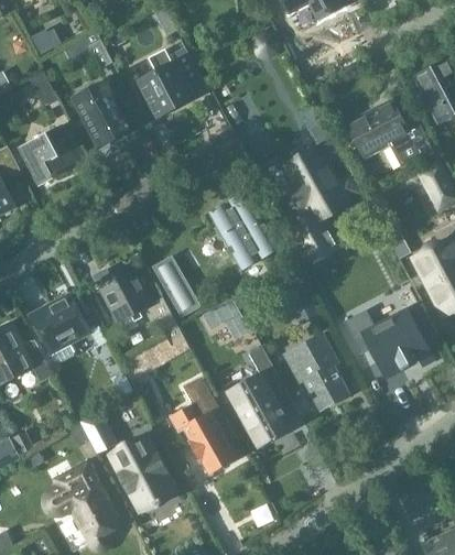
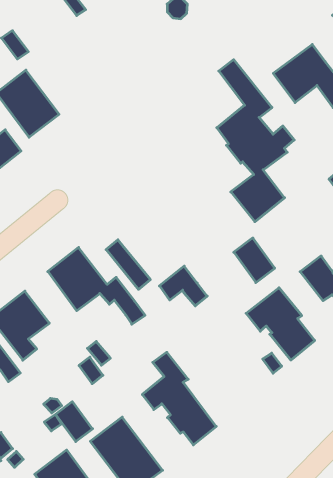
building: [134,47,199,117] -> none
building: [207,192,277,270] -> none
building: [226,348,288,447] -> none

